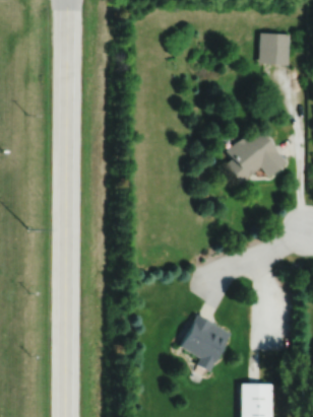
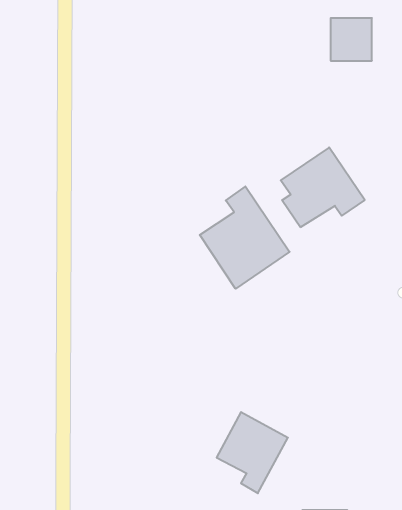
building: none -> [200,186,290,289]

